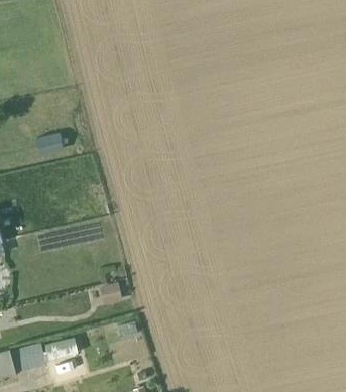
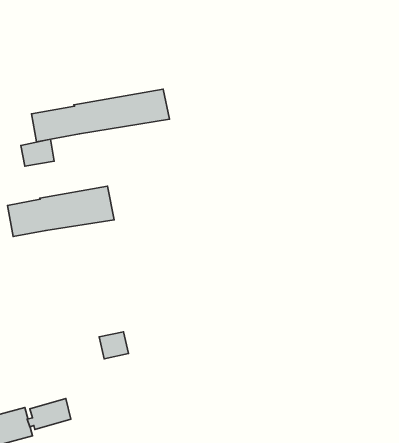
building: none -> [31,89,169,142]
building: none -> [7,186,114,237]

